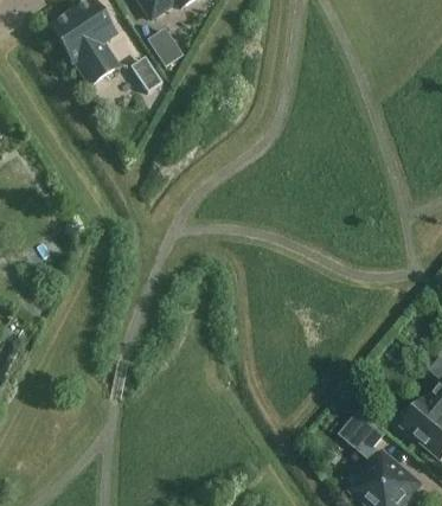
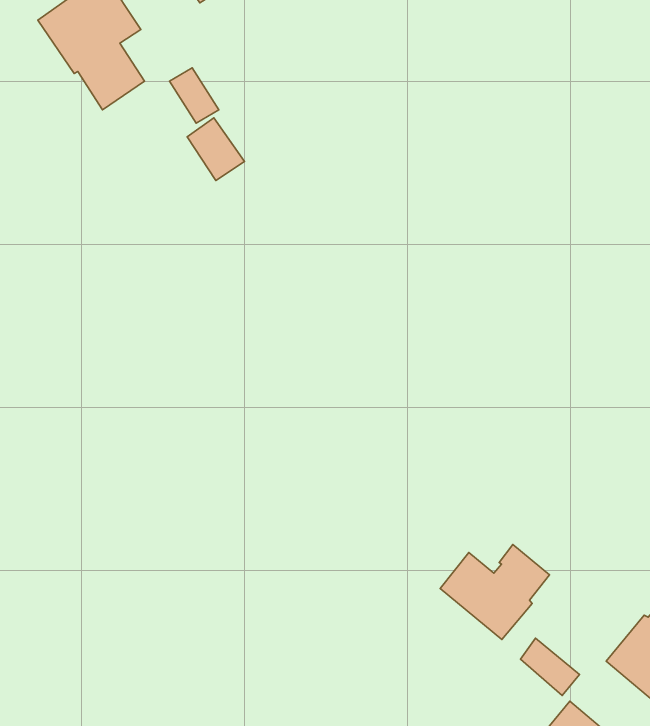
building: [147,27,182,66] -> [187,118,244,181]
building: none -> [440,545,549,639]

